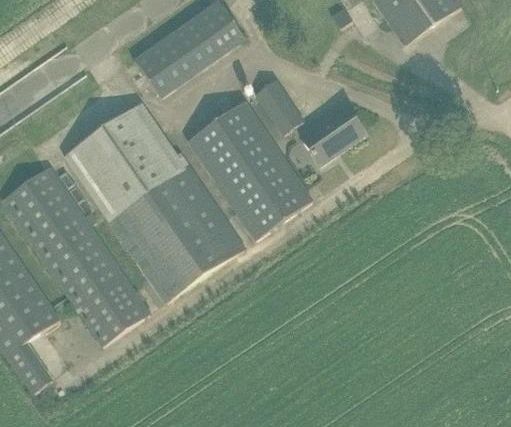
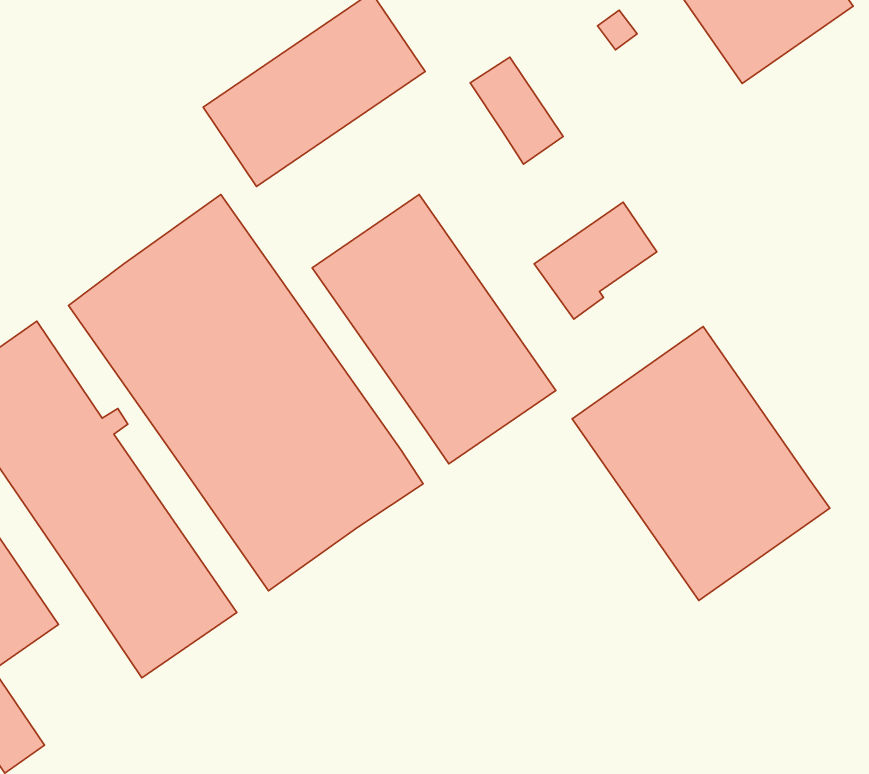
building: [256,81,303,135] -> [470,57,563,164]
building: none -> [572,326,830,601]

